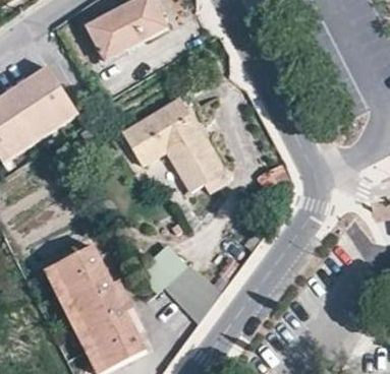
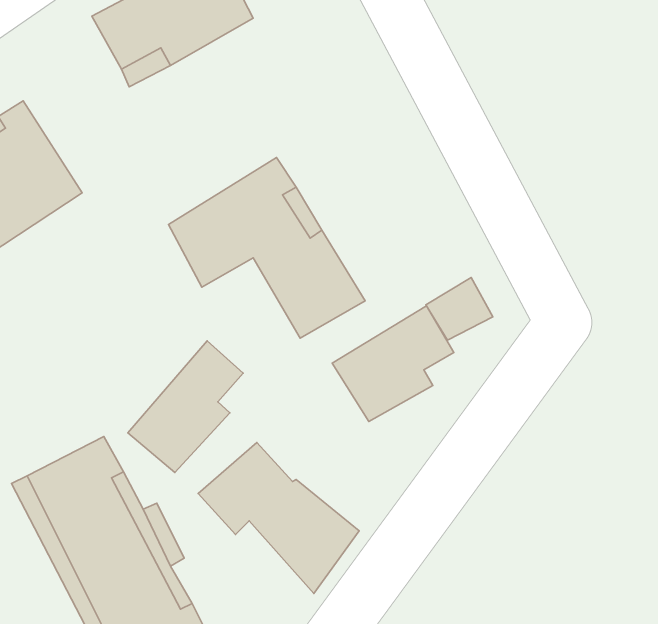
building: none -> [332,306,454,422]
building: none -> [128,341,243,473]

